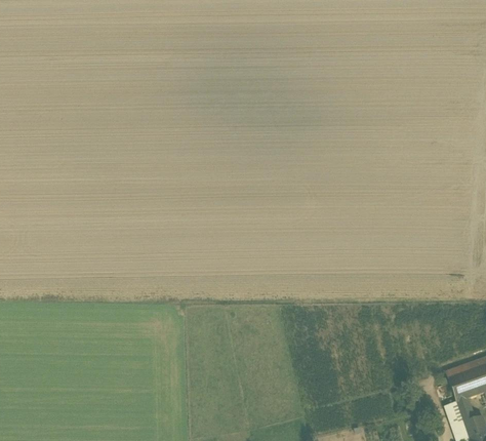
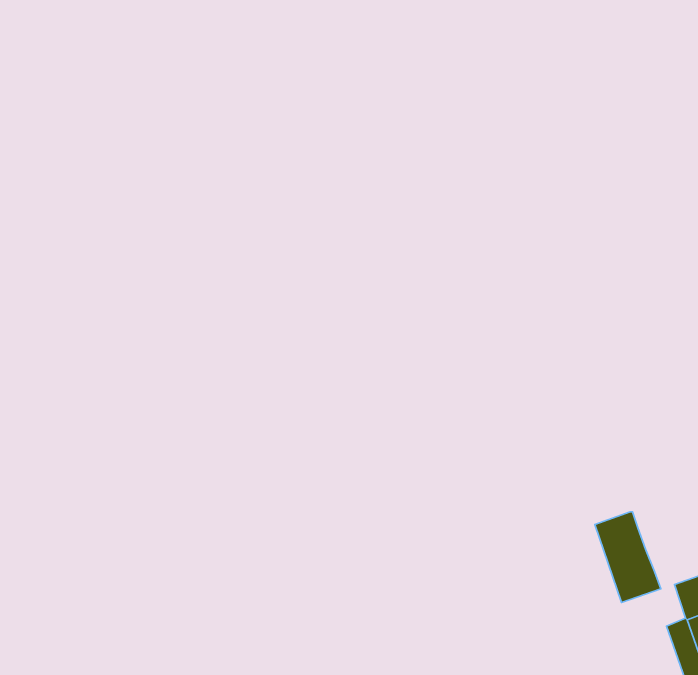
building: none -> [595,512,661,602]

